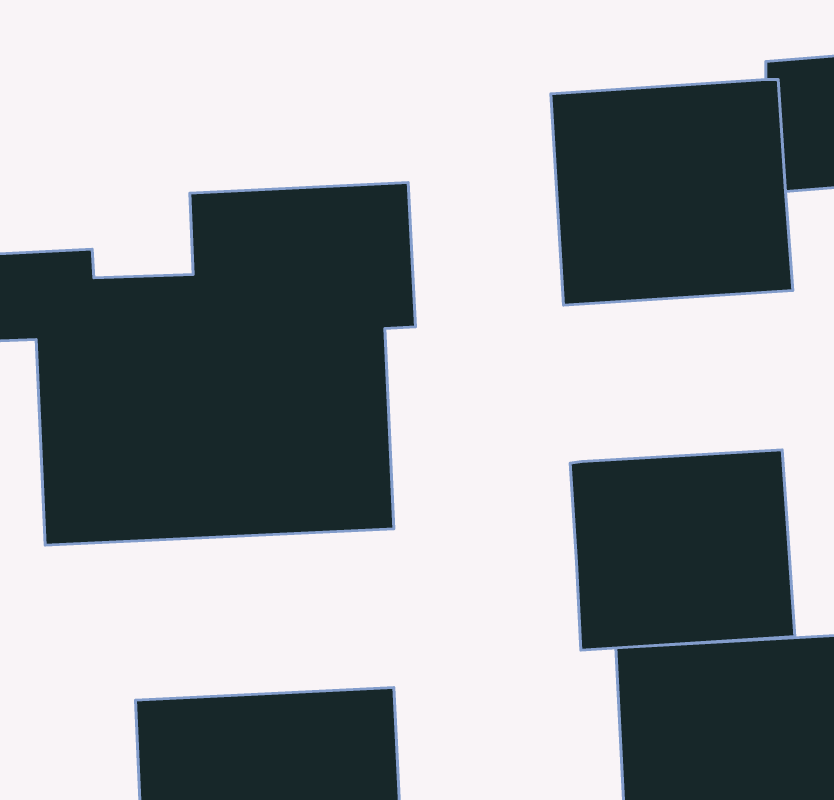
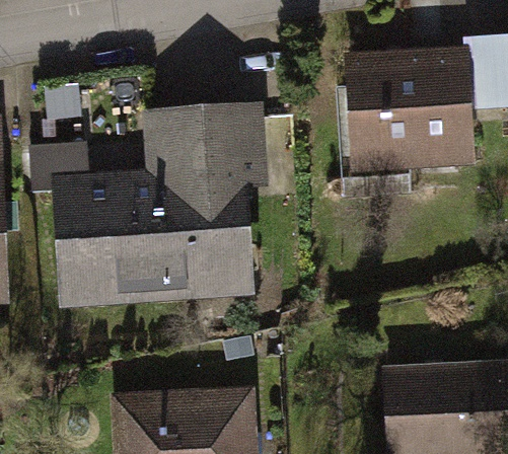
building: [570,450,795,650] -> none

